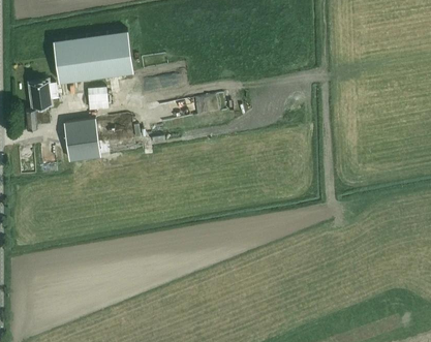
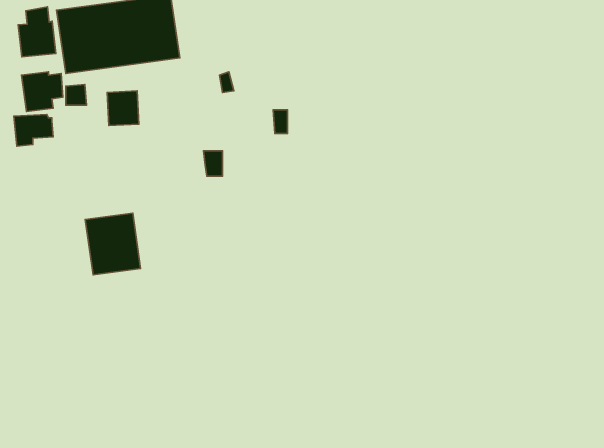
building: none -> [18,7,56,57]
building: [64,120,100,160] -> [85,213,141,275]

